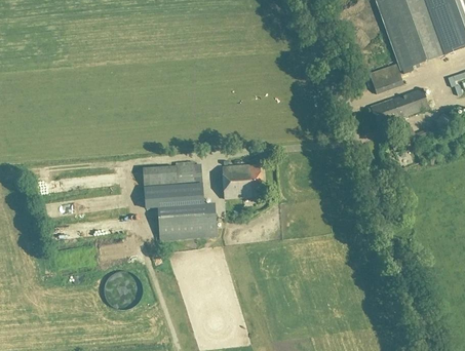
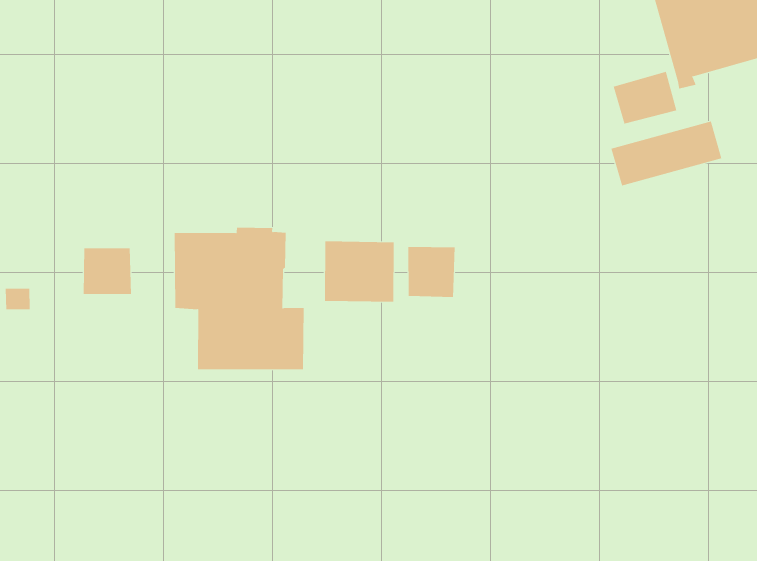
building: none -> [408,246,455,298]
building: none -> [83,248,131,295]

